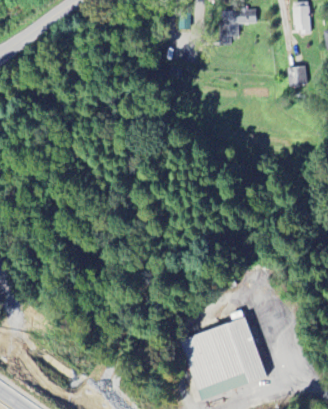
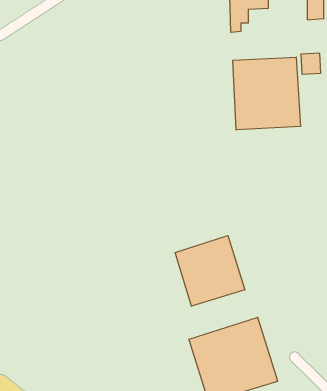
building: none -> [233,57,300,130]
building: none -> [175,236,245,306]

